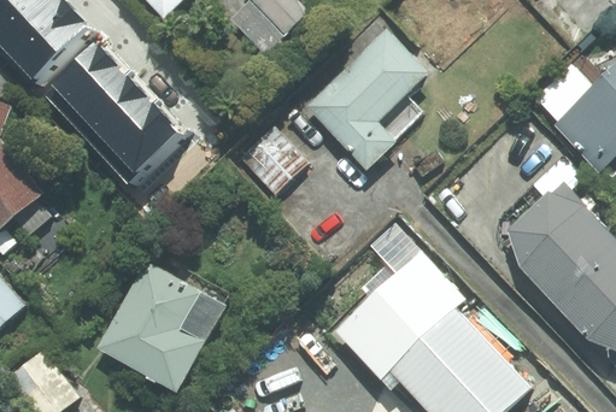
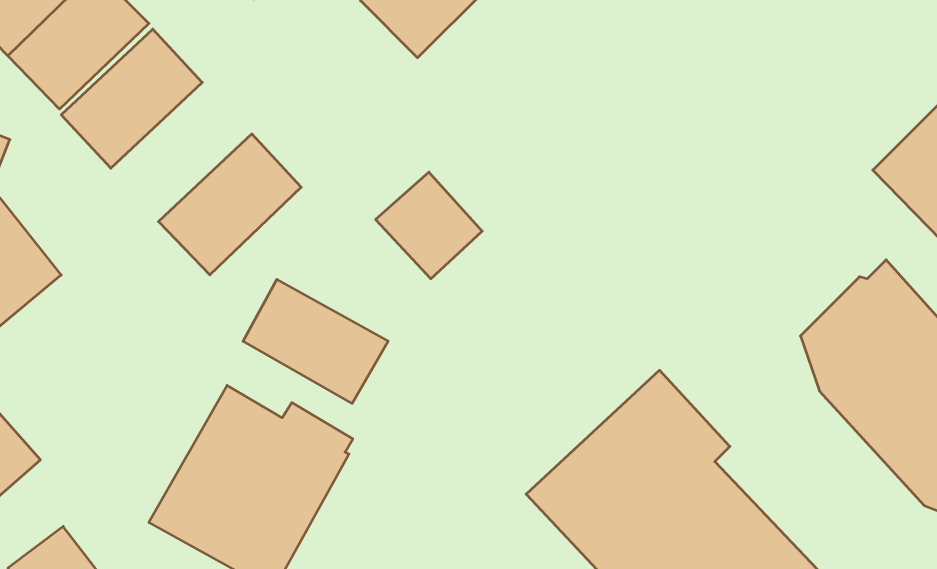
building: [305,29,428,169] -> none
building: [72,70,162,158] -> none
building: none -> [243,279,388,403]

